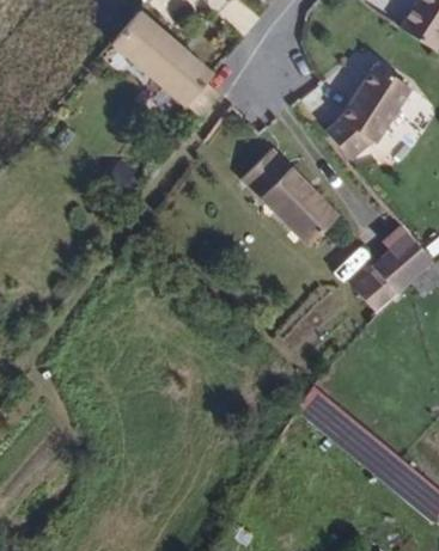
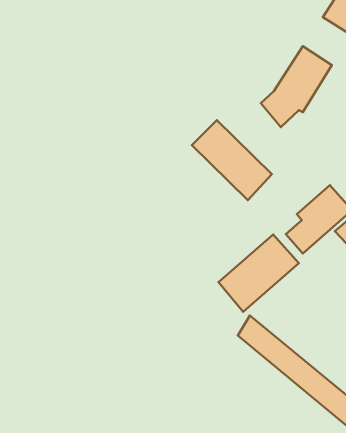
building: [116,13,219,122] -> none
building: none -> [219,235,299,312]

